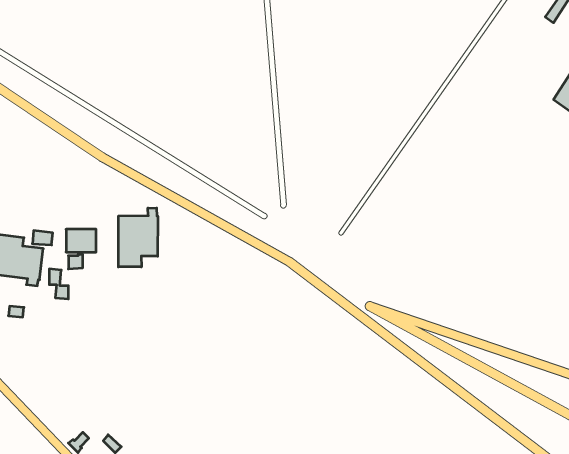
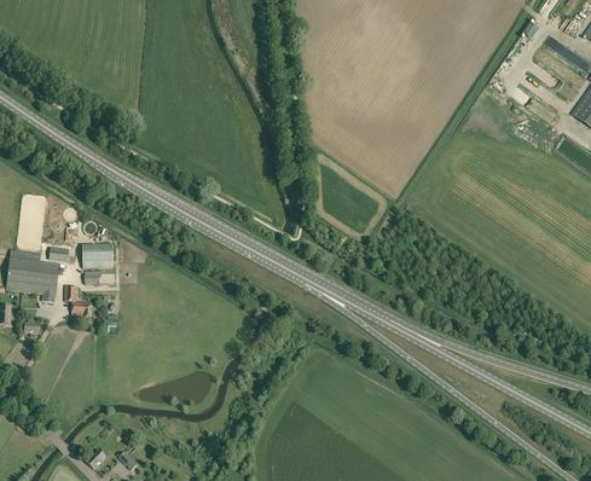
building: [118,208,158,267] -> none

